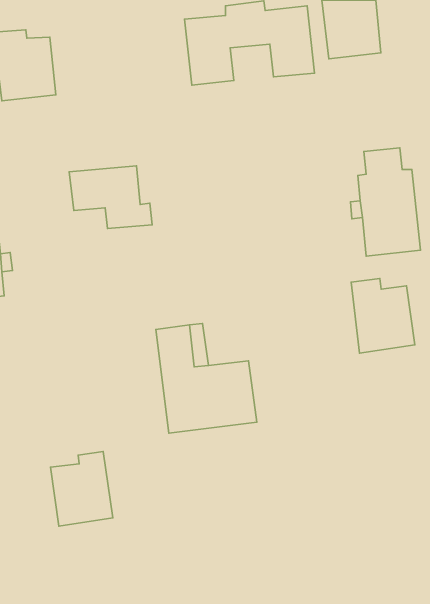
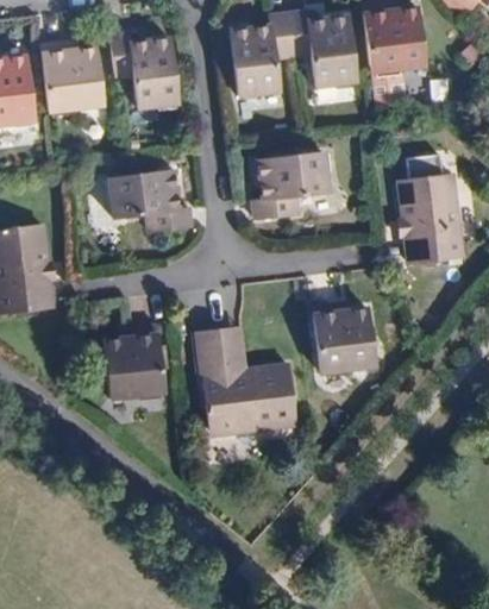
building: none -> [112,33,184,107]
building: none -> [257,155,331,221]
building: [351,278,415,353] -> [312,302,375,376]
building: [50,452,113,526] -> [104,327,165,401]

